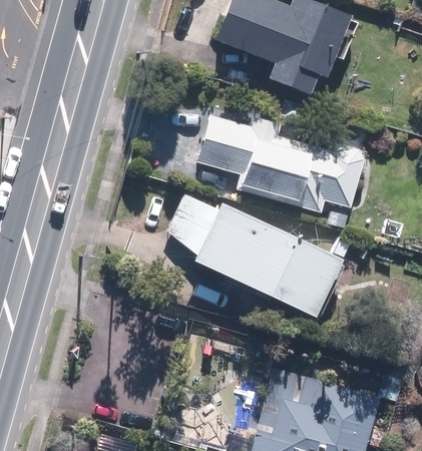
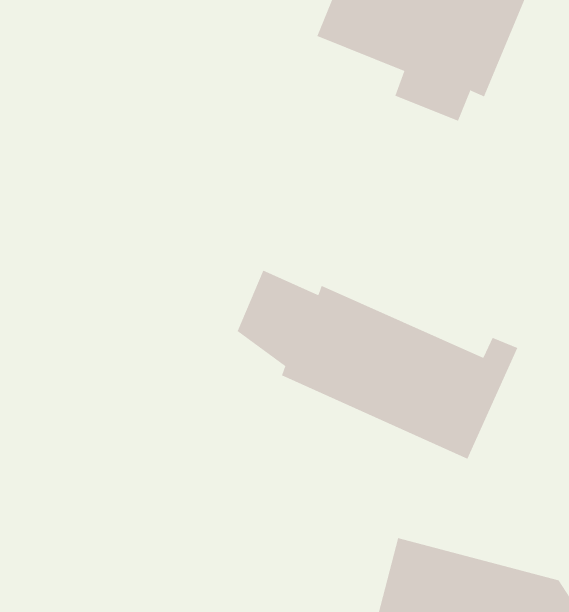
building: [197,113,362,210] -> none

